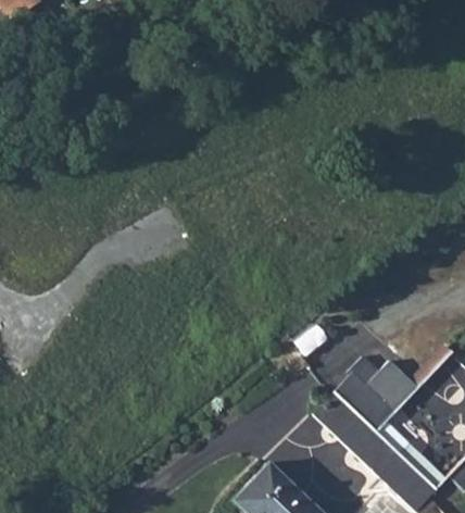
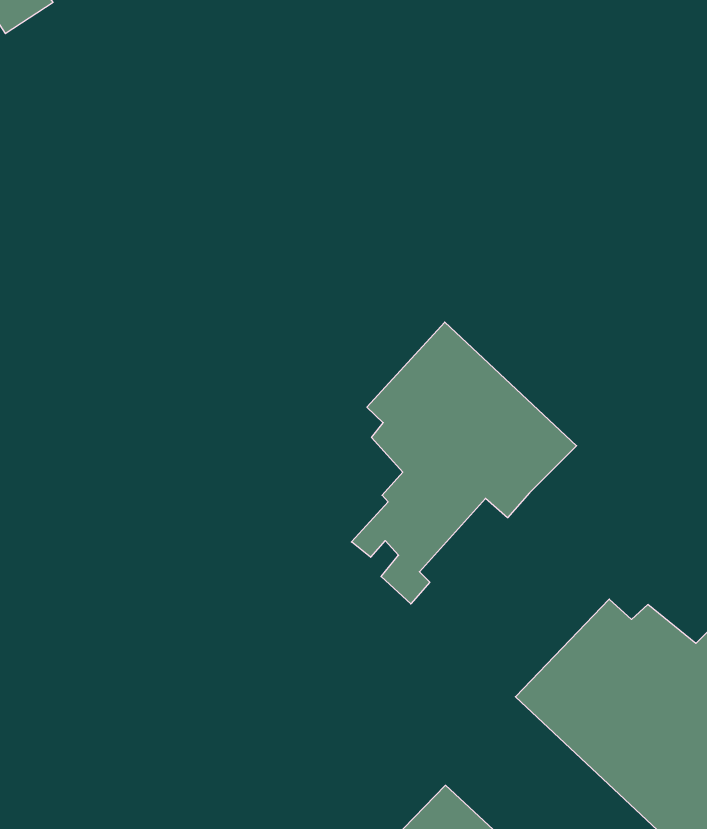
building: none -> [351,322,577,604]

